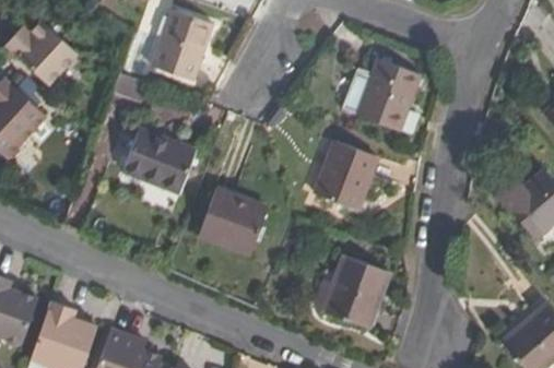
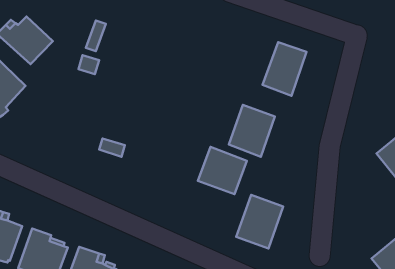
building: [151,12,211,83] -> none
building: [122,129,191,190] -> none
building: [203,192,268,254] -> [198,147,247,194]

